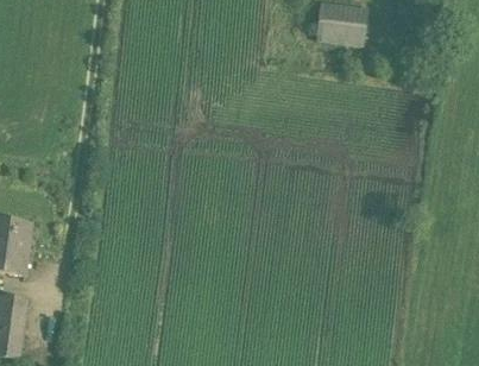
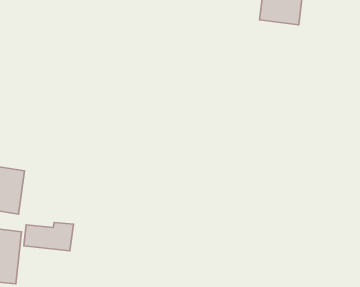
building: none -> [24,223,74,251]

